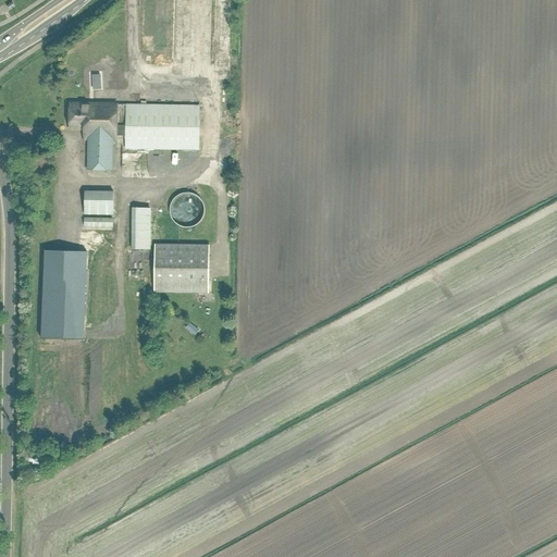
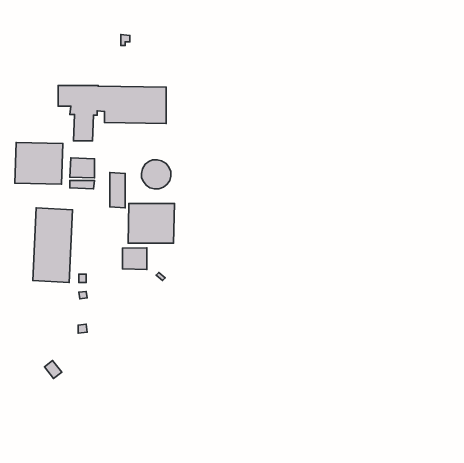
building: none -> [15,143,63,184]
building: none -> [122,248,147,269]

